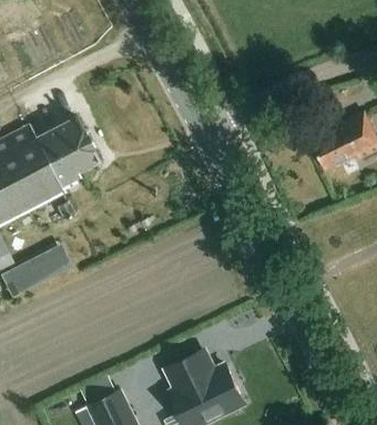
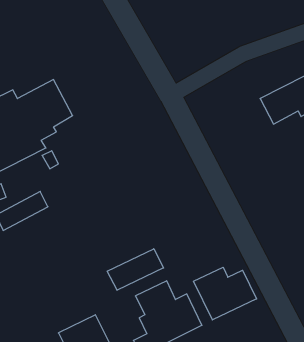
building: none -> [107,249,164,290]
building: none -> [194,267,257,320]

